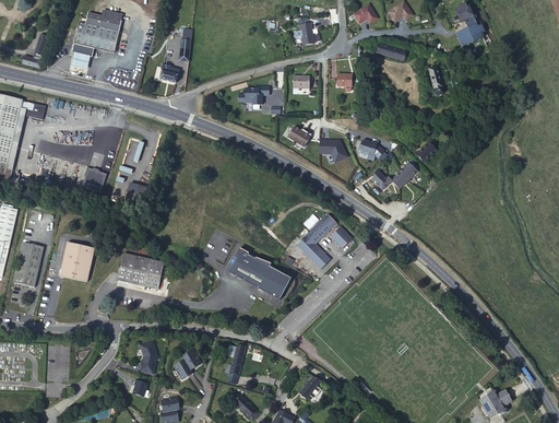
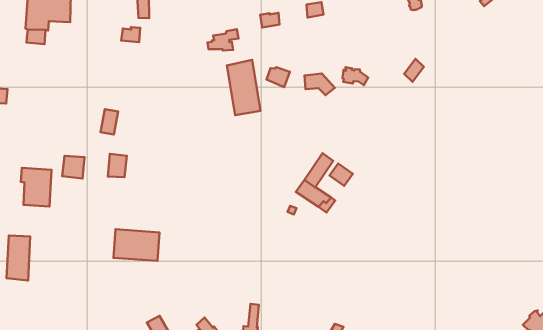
building: none -> [227,60,261,115]
building: [371,161,417,189] -> none
building: [62,240,94,281] -> [21,168,52,206]
building: [230,250,293,301] -> none

